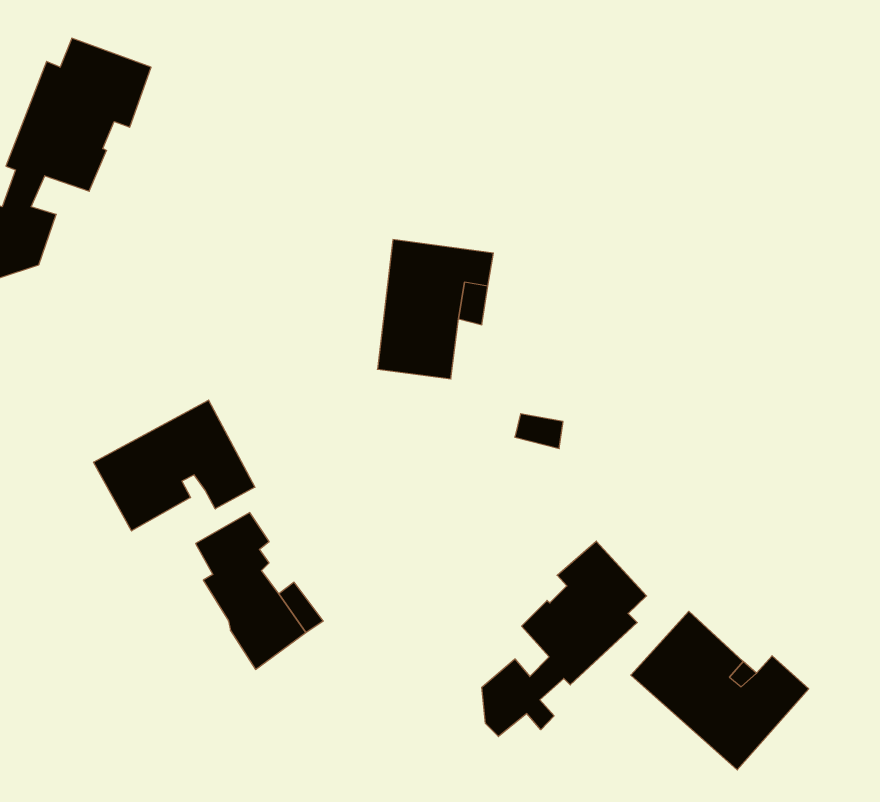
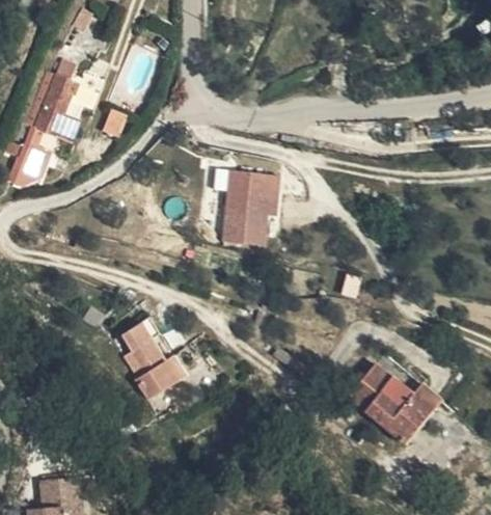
building: [94,400,255,531] -> none
building: [482,541,647,737] -> none

